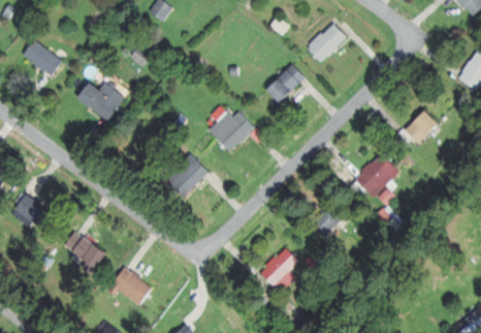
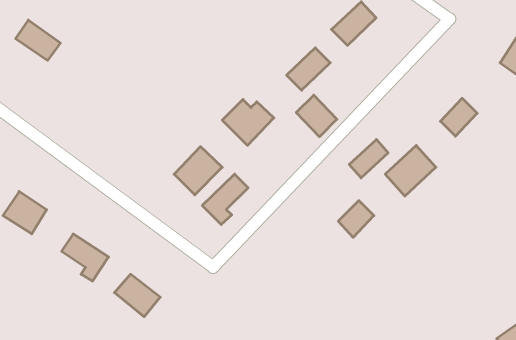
building: [76,79,126,121] -> none
building: none -> [296,95,337,137]
building: none -> [349,139,388,178]
building: none -> [202,174,248,225]
building: [260,247,306,293] -> none

